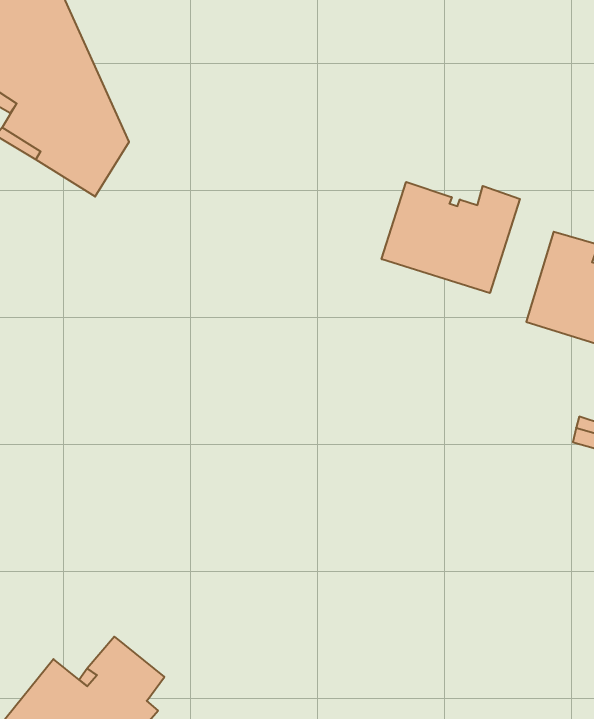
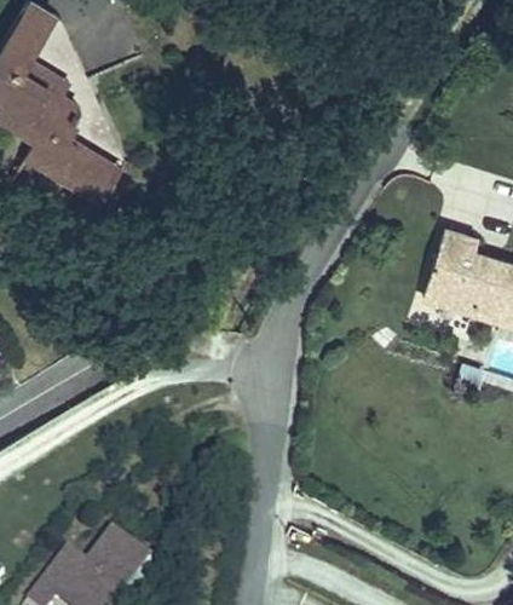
building: [382,182,520,293] -> none

